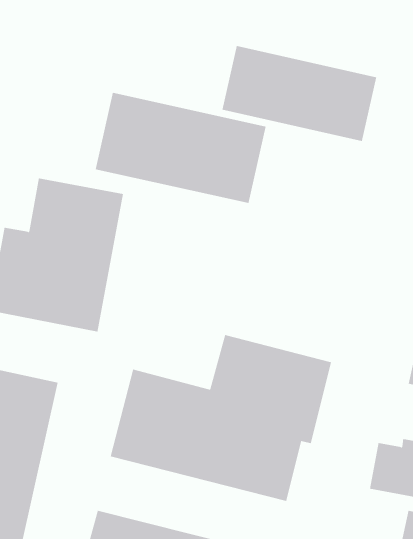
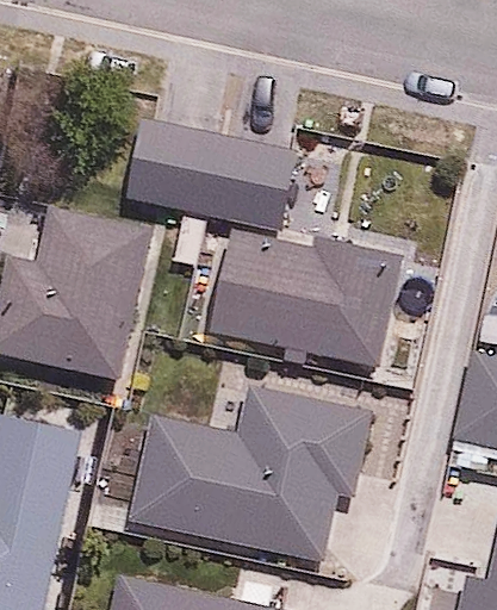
building: [222,45,377,142] -> none
building: none -> [218,232,410,369]

